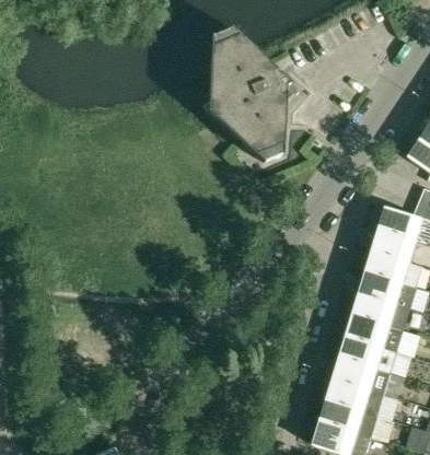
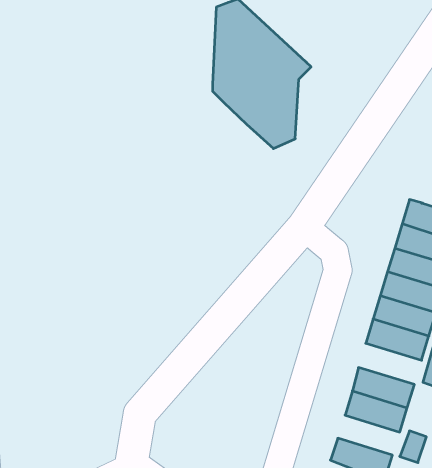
building: [339,335,396,372] -> none
building: [321,399,376,435] -> none

